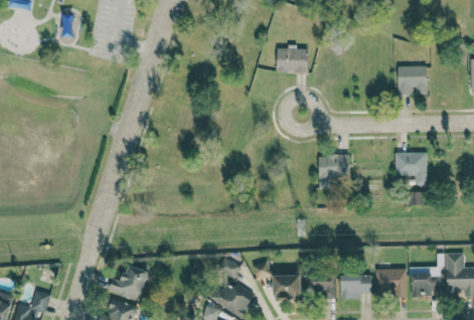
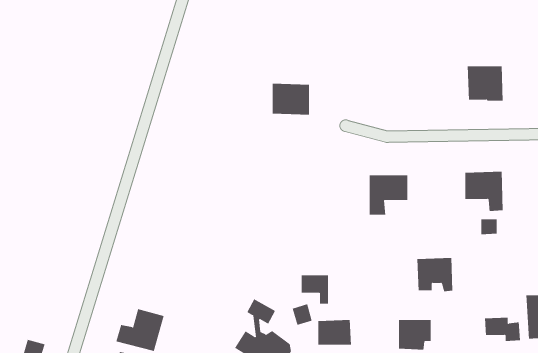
building: [276,47,307,73] -> [272,83,310,115]
building: [373,269,404,297] -> [417,258,453,292]
building: [308,274,331,298] -> [301,275,329,304]

